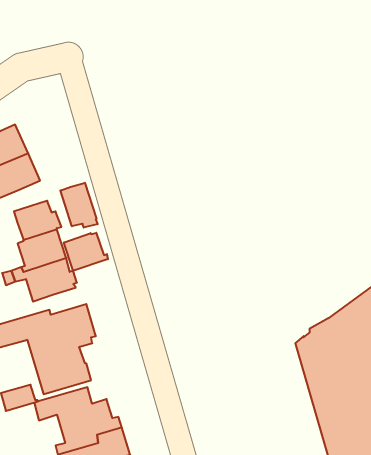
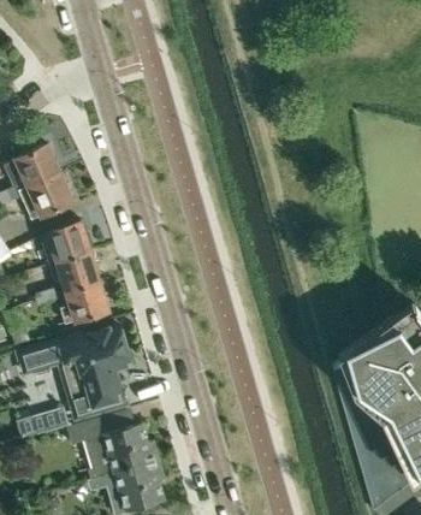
building: [60,183,98,228] -> none
building: [64,233,108,271] -> none

